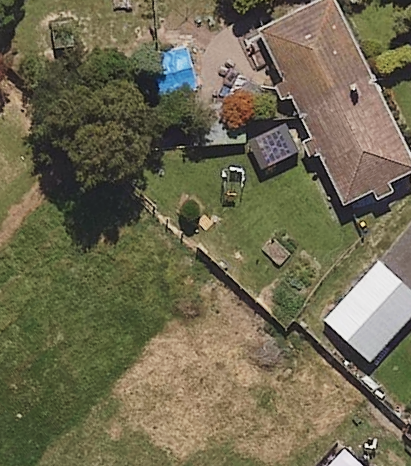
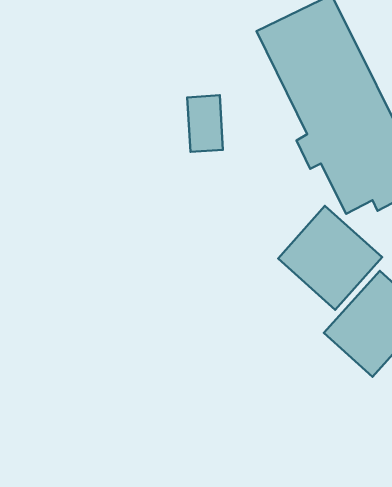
building: none -> [278,206,382,310]

